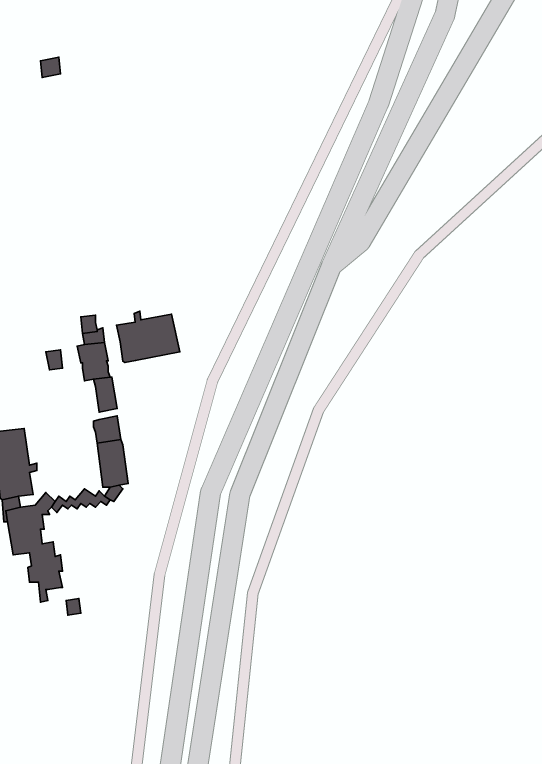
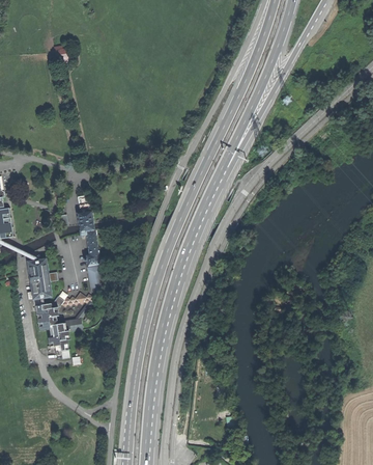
building: [117,311,180,363] -> none

